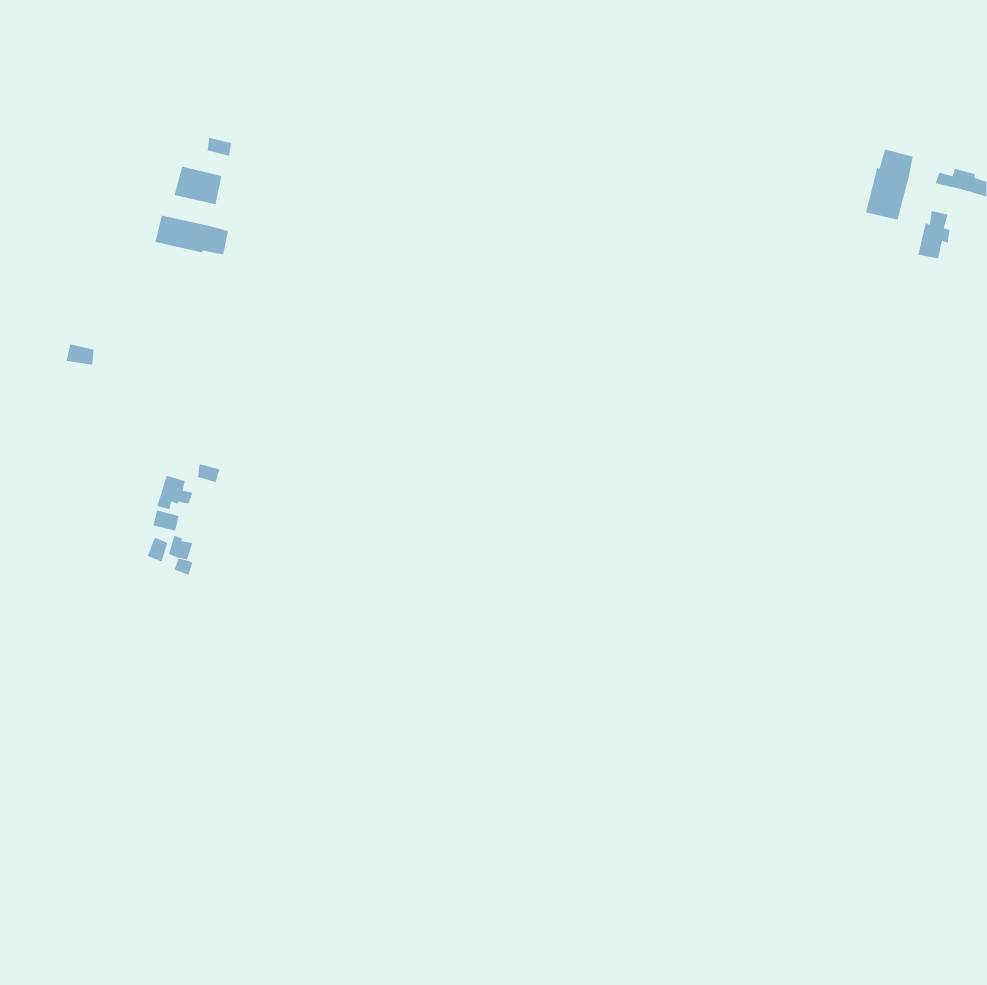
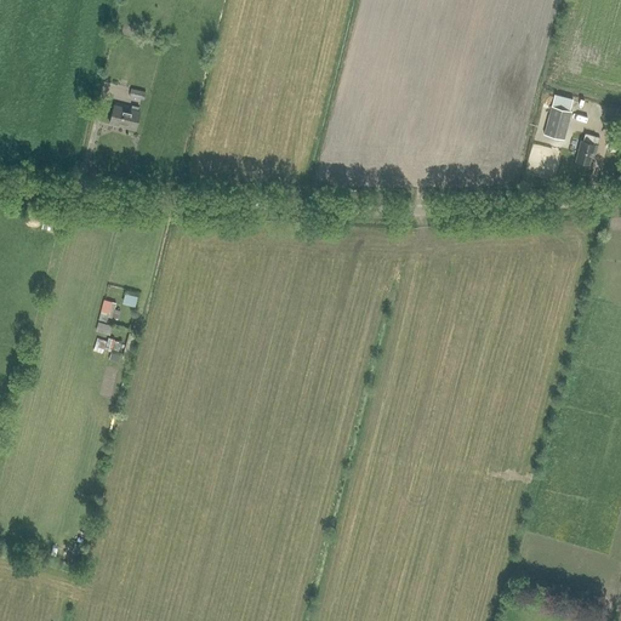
building: [155,215,229,255] -> none

